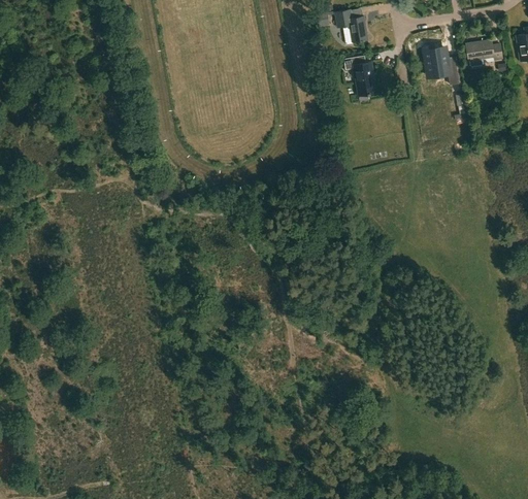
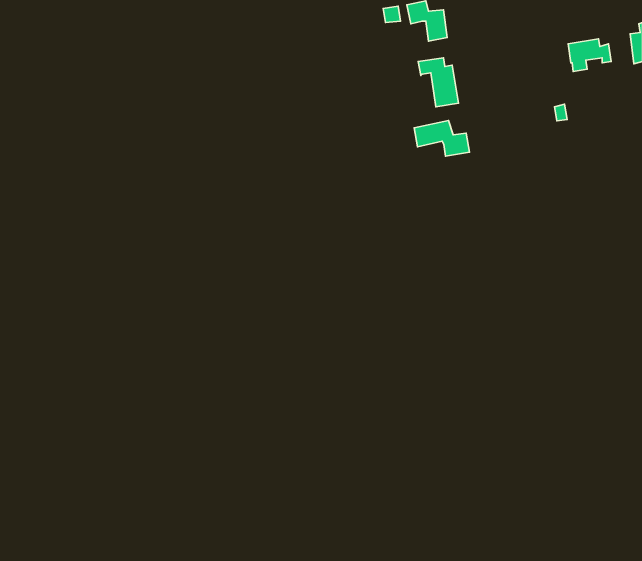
building: [423,51,460,87] -> none
building: none -> [414,120,469,156]

